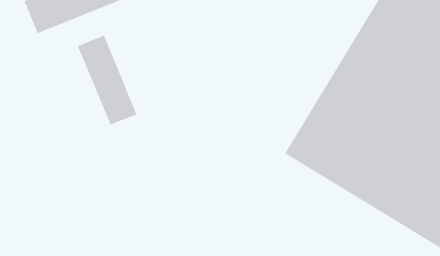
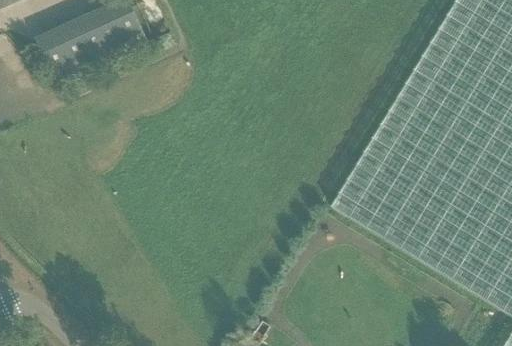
building: [77,35,137,126] -> none

